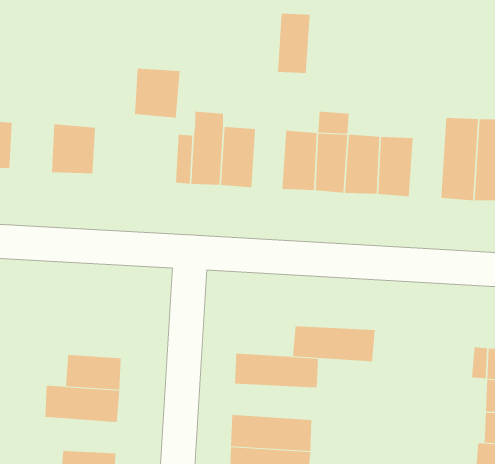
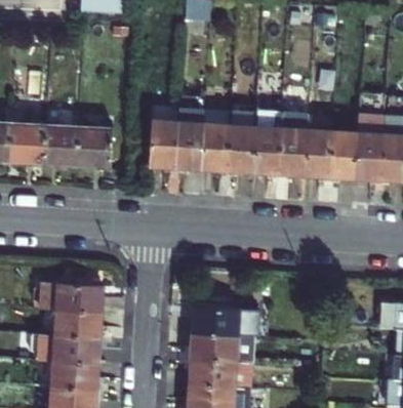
building: [277,13,310,73] -> [204,126,231,174]
building: [134,68,180,118] -> [77,125,114,165]
building: none -> [10,121,45,161]
building: none -> [330,133,358,181]
building: none -> [43,280,100,310]
building: [292,326,375,362] -> [188,330,254,359]
building: none -> [52,358,96,385]

